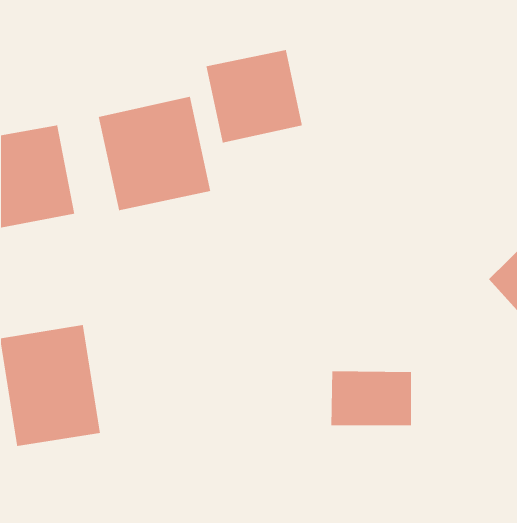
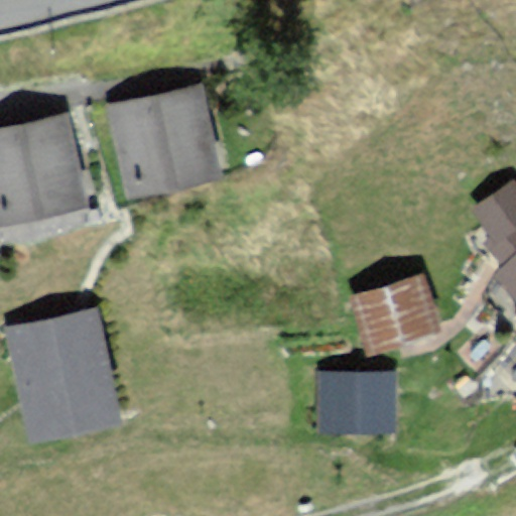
building: [206,49,303,143] -> none
building: none -> [365,262,455,340]

